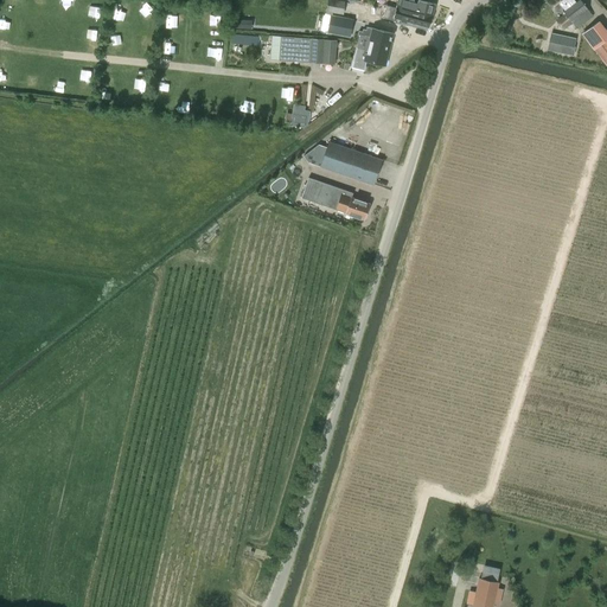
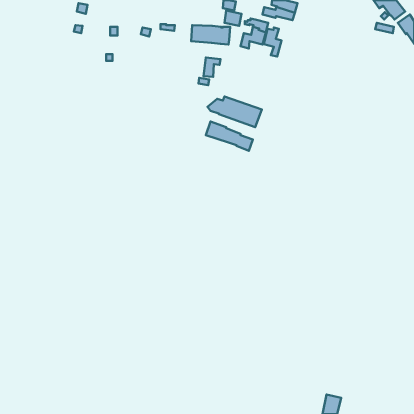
building: none -> [264,28,281,57]

